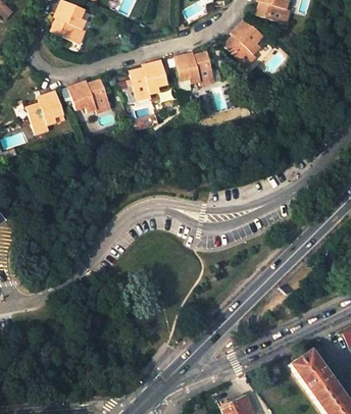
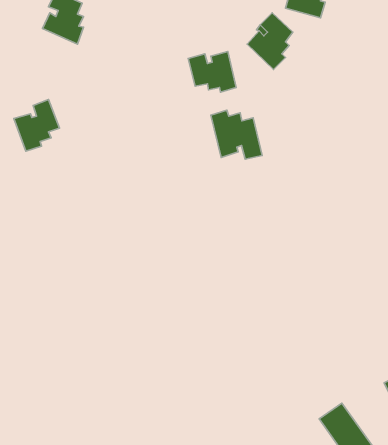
building: [132,59,169,101] -> none
building: [69,79,112,113] -> none
building: none -> [211,110,262,159]

